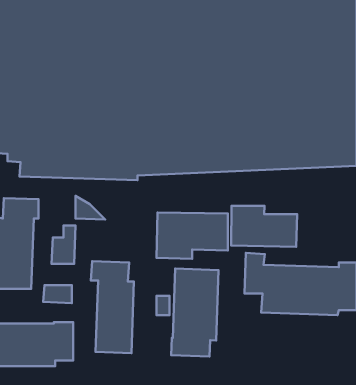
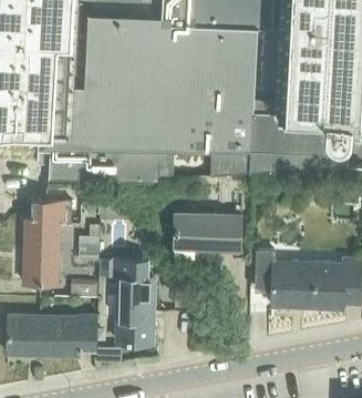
building: [231,206,297,247] -> none
building: [171,269,219,356] -> none

